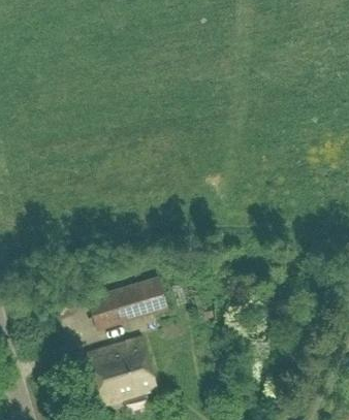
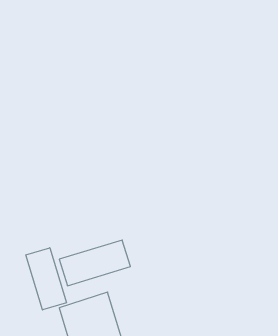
building: none -> [26,248,67,310]

